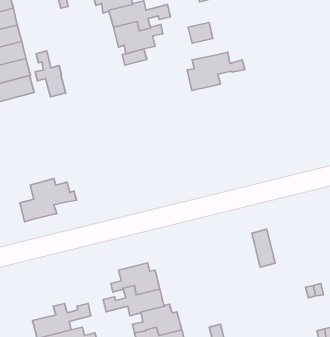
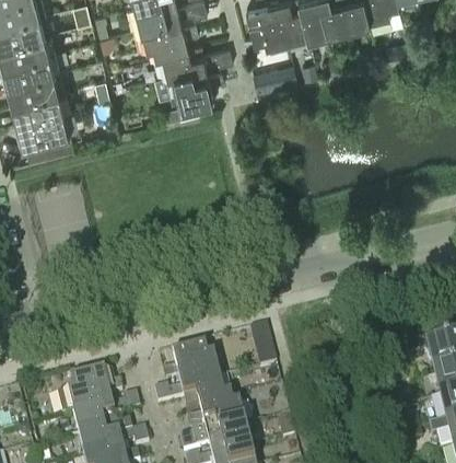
building: [35,51,66,97] -> none
building: [187,52,245,90] -> none
building: [20,178,77,222] -> [58,369,124,419]
building: [252,229,275,267] -> [250,326,278,370]

